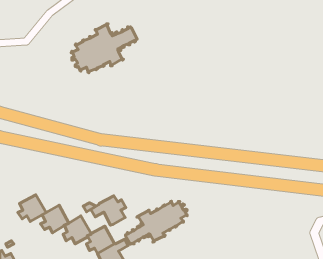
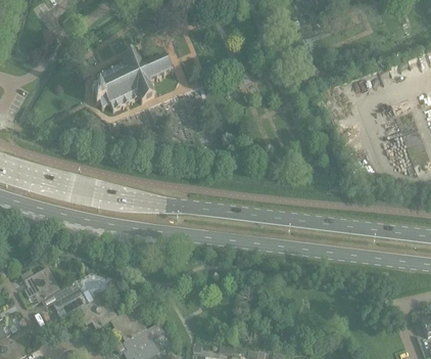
building: [91,196,126,225] -> none
building: [126,201,187,244] -> none

